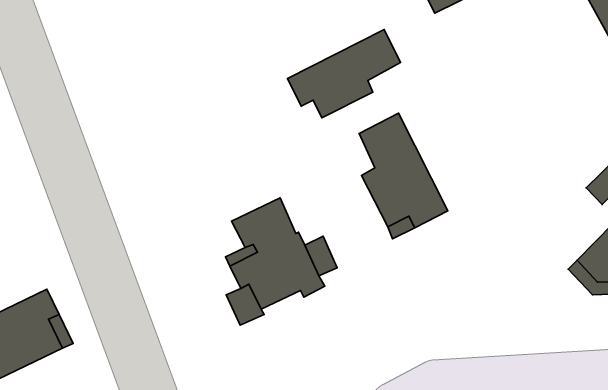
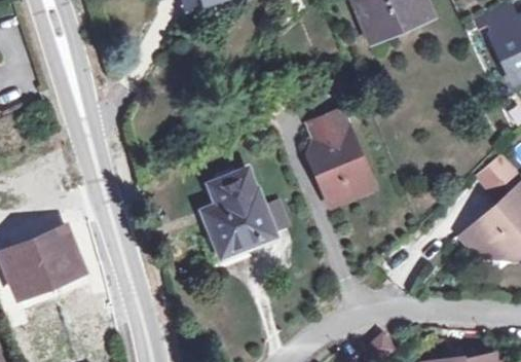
building: [288,30,401,118] -> none

